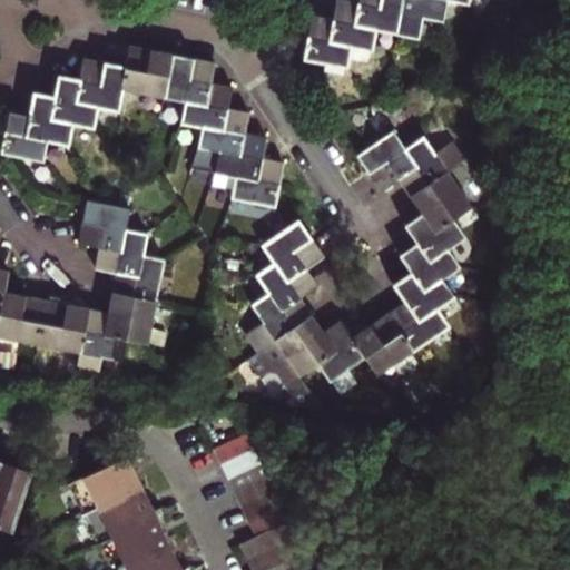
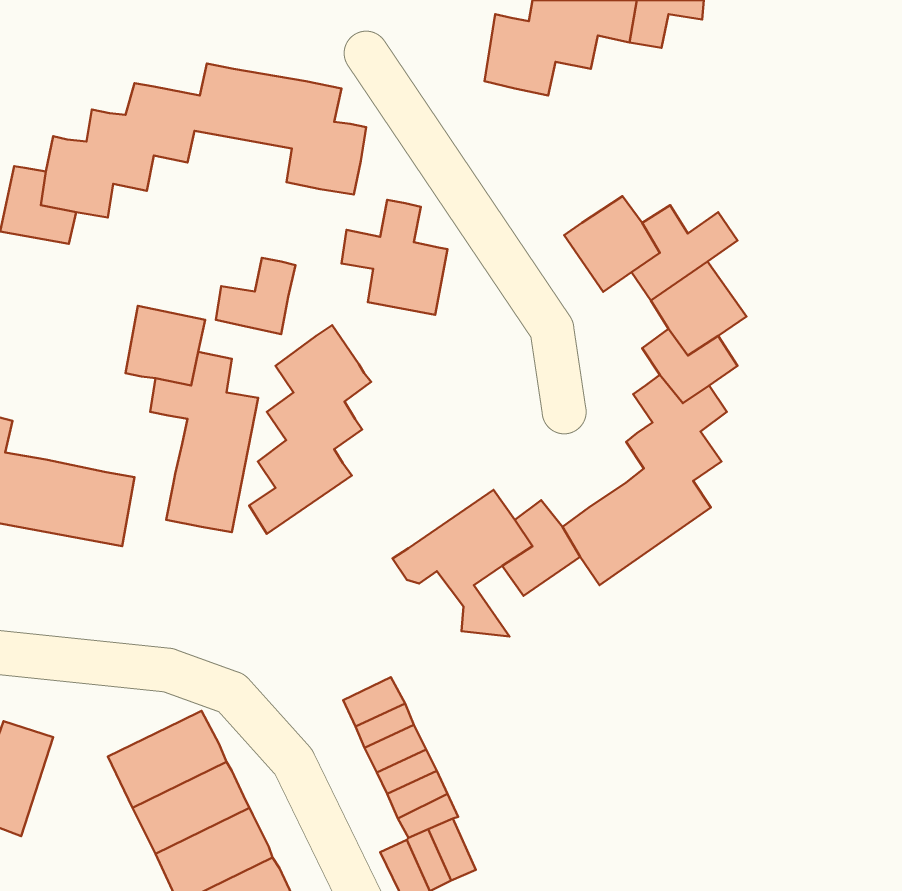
building: [198,109,248,157] -> [216,258,295,334]
building: [246,222,323,353] -> [249,325,371,534]
building: [77,308,127,361] -> none

